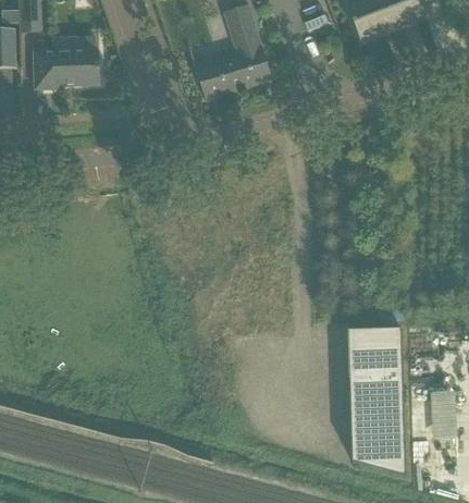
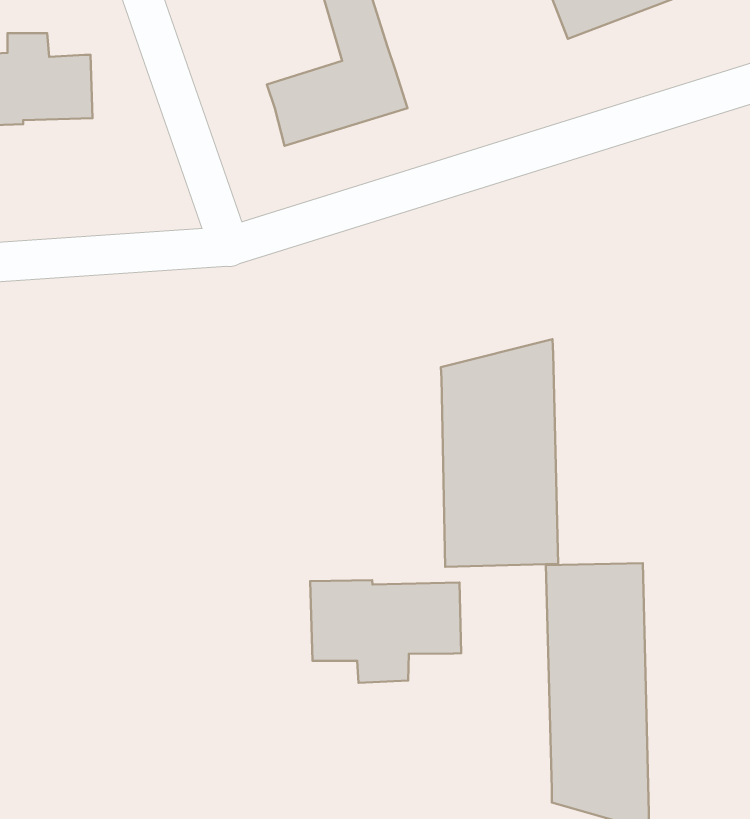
building: none -> [441,339,558,567]
building: none -> [310,580,461,683]

